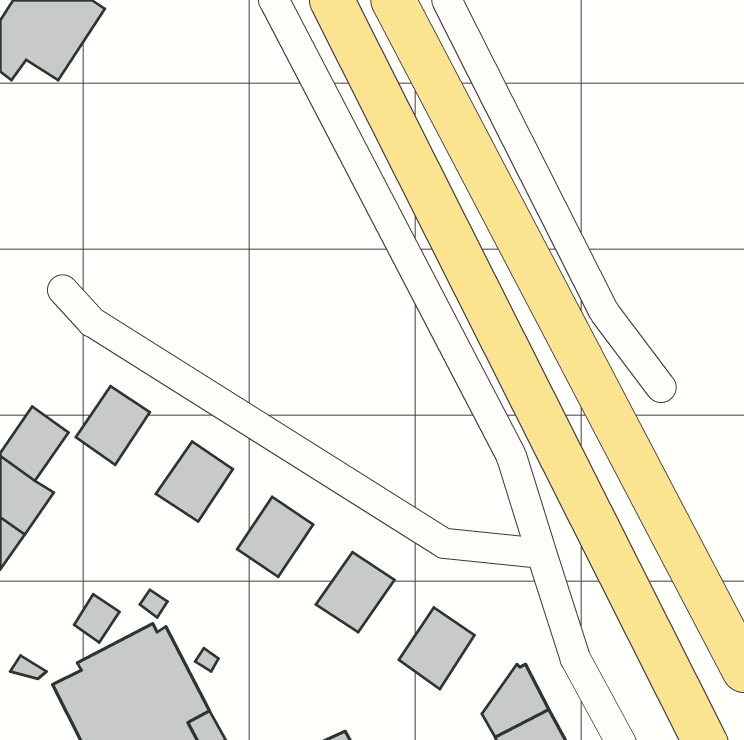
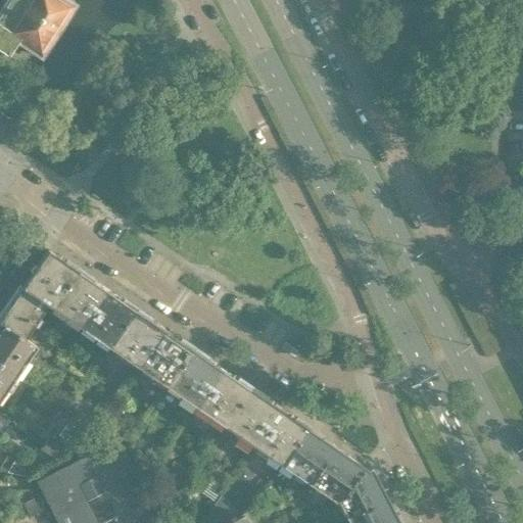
building: none -> [22,252,78,310]
building: none -> [81,292,135,349]
building: none -> [139,332,191,388]
building: none -> [195,371,247,427]
building: none -> [251,410,304,466]
building: none -> [308,448,363,505]

